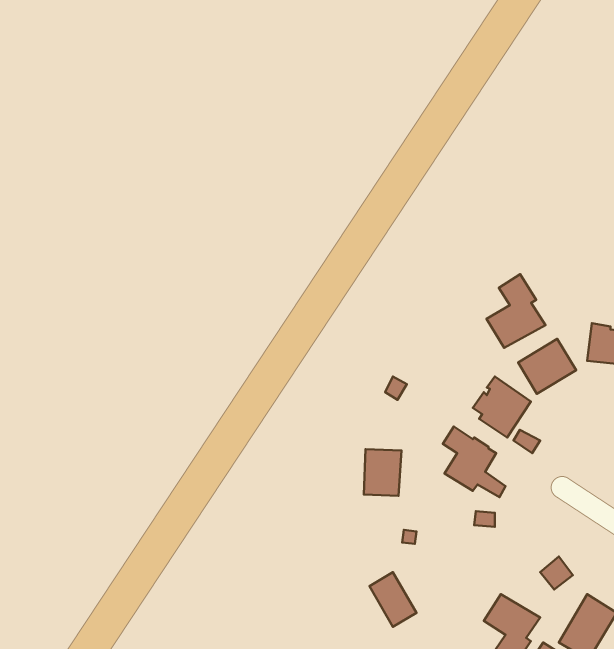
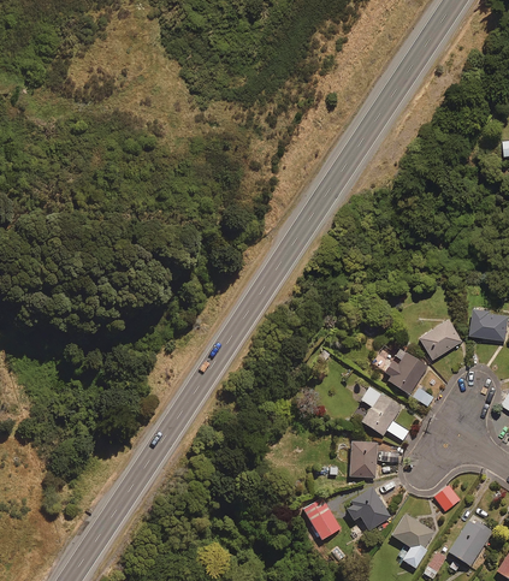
building: [487,274,545,348] -> none
building: [364,449,402,496] -> [349,441,378,478]
building: none -> [344,487,391,530]

